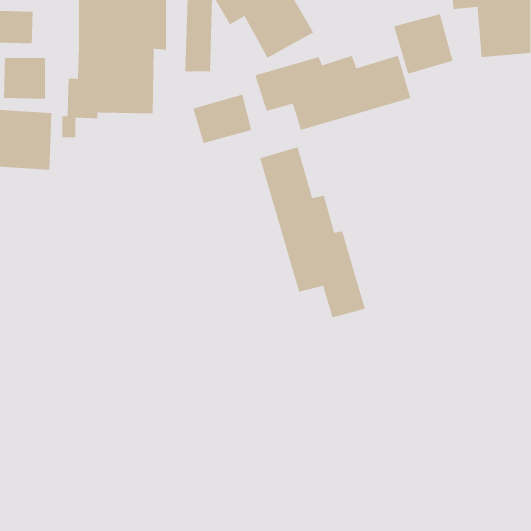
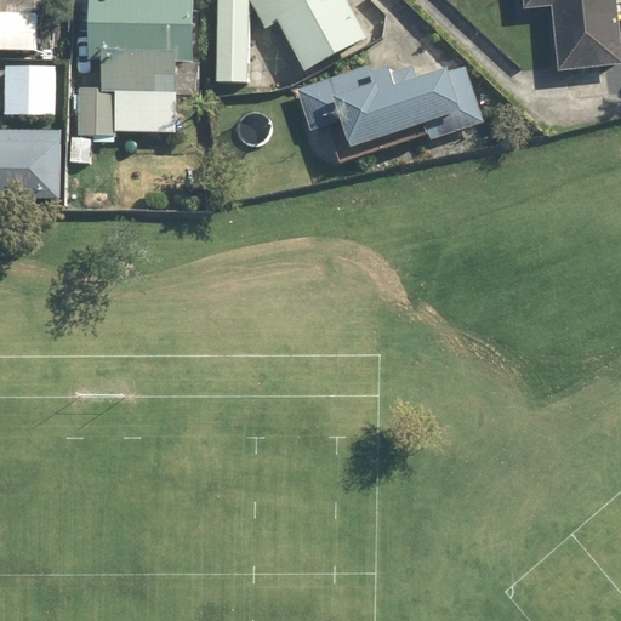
building: [394,13,453,74] -> none
building: [193,94,252,144] -> none
building: [260,147,366,318] -> none

